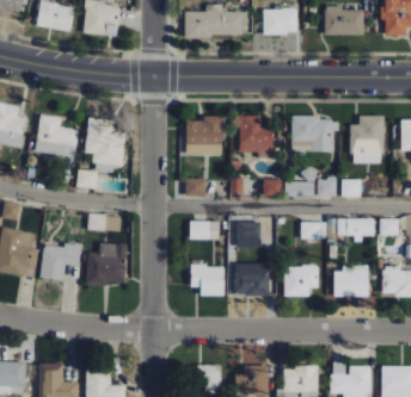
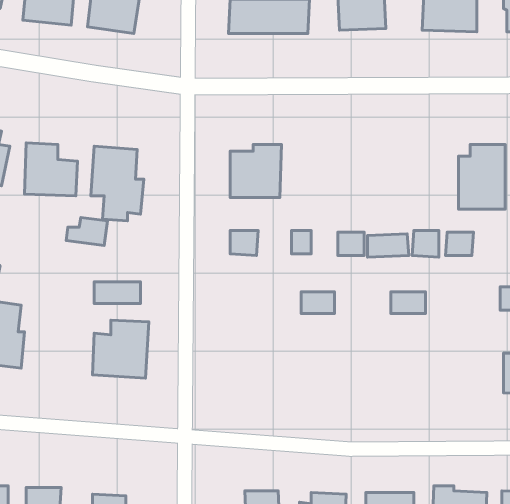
building: [232,118,272,159] -> none
building: [292,118,338,153] -> none
building: [337,219,374,237] -> none
building: [189,222,219,241] -> none
building: [41,244,80,280] -> none
building: [190,266,223,297] -> none
building: [283,266,318,297] -> none
building: [333,267,368,297] -> none
building: [233,271,269,296] -> none

